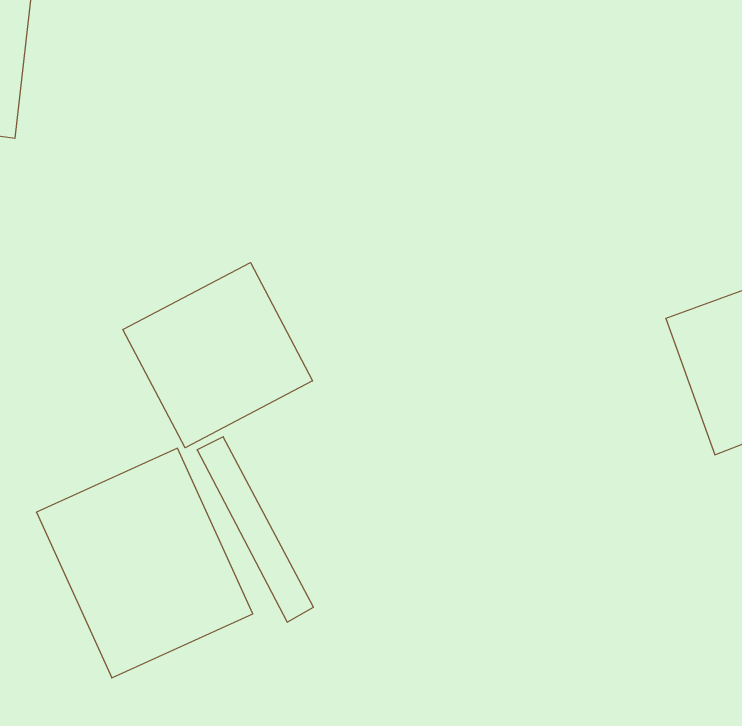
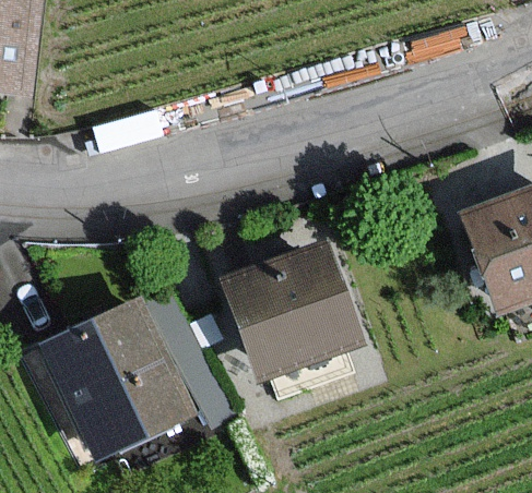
building: [123,263,313,448] -> none
building: none -> [225,249,356,374]

